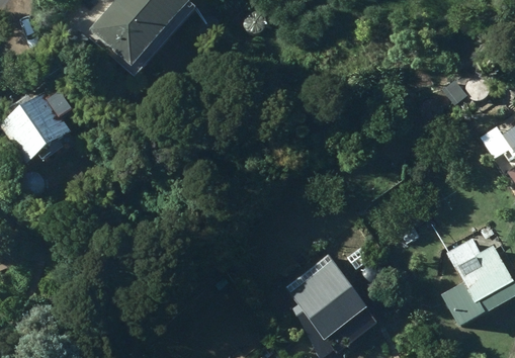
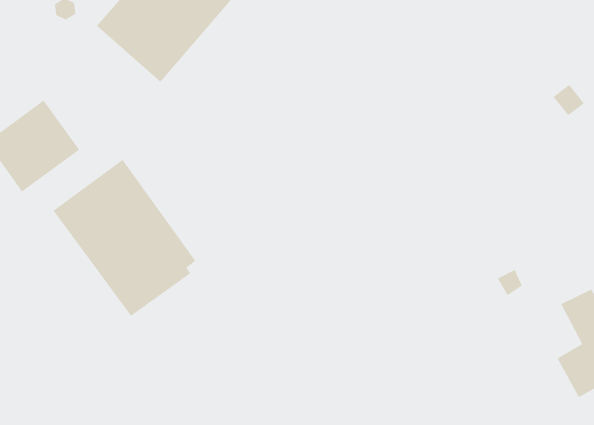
building: none -> [53,159,196,317]
building: [282,259,368,341] -> none

